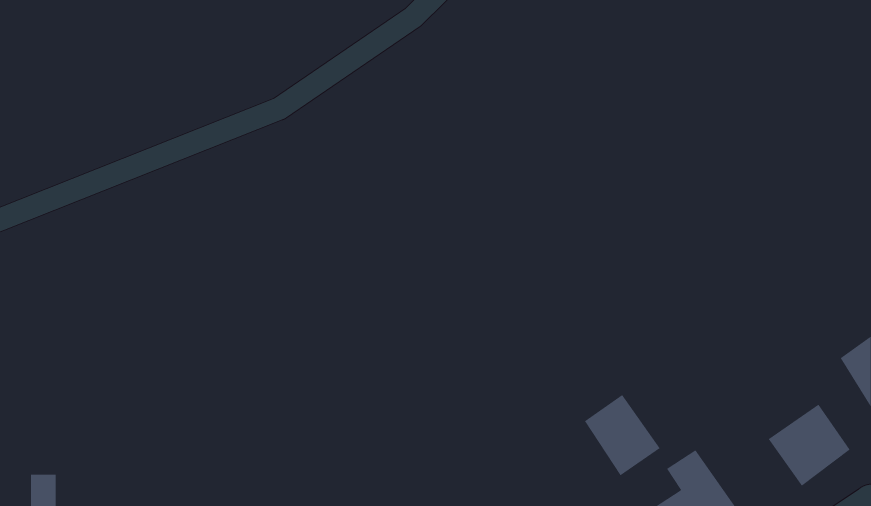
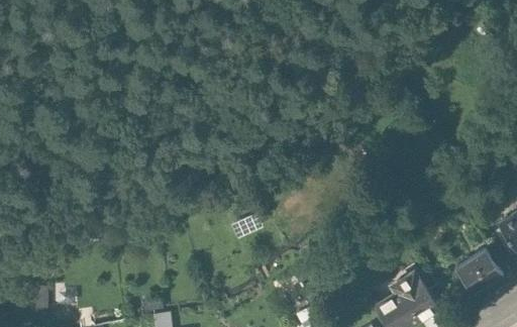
building: [584,394,661,476] -> none

